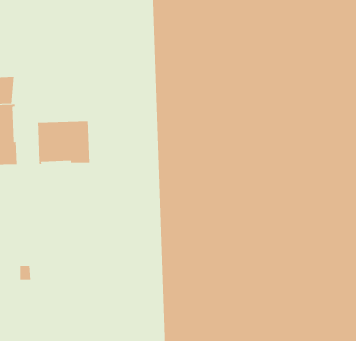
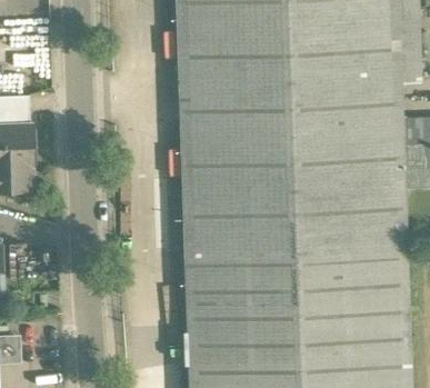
building: [37,120,90,165] -> none

